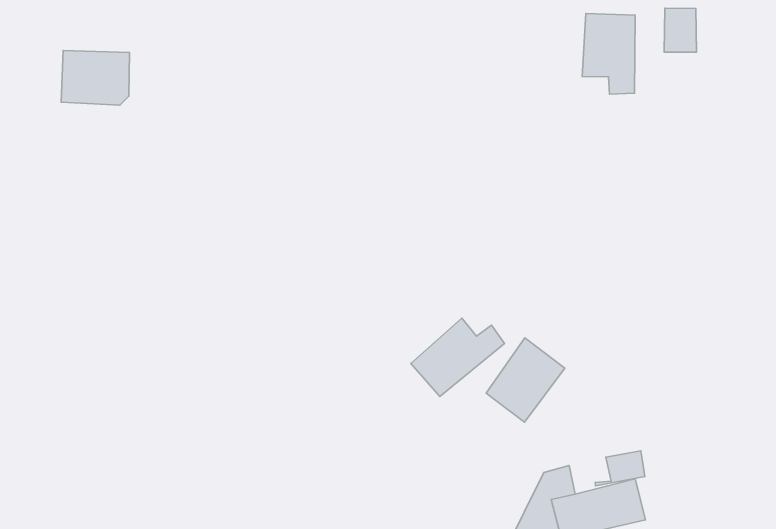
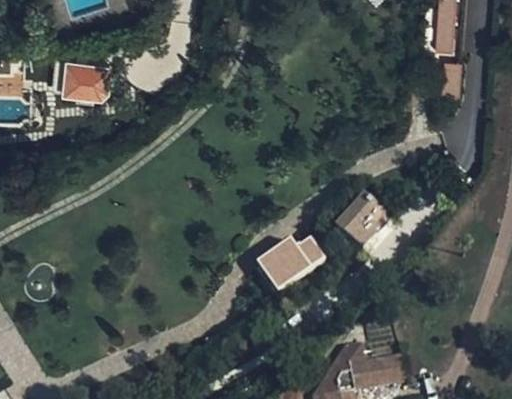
building: [582,13,635,94] -> none
building: [486,338,565,422] -> [342,196,392,248]

